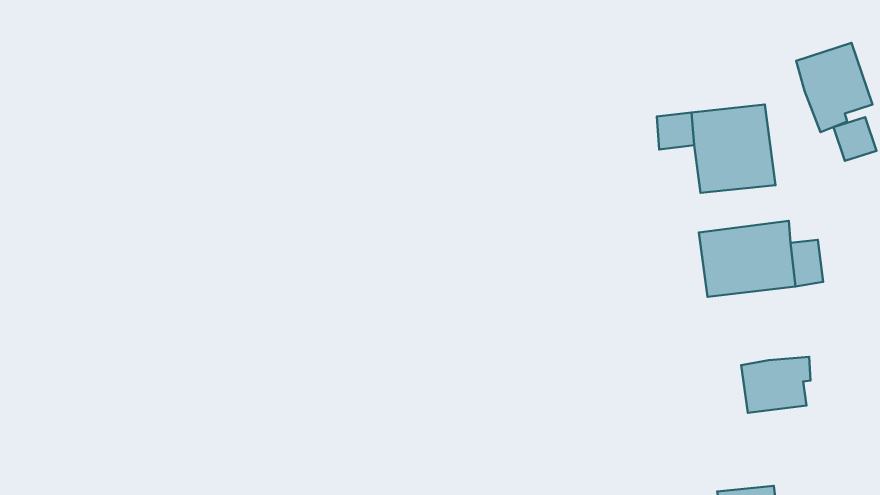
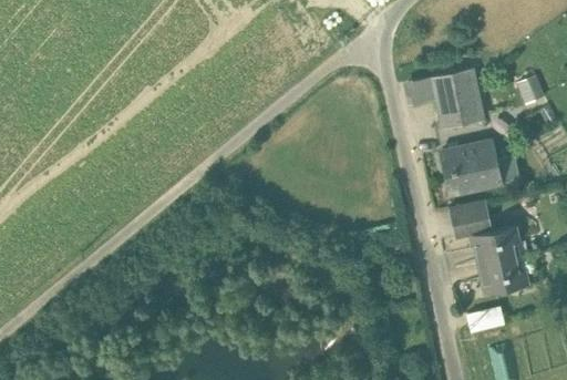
building: [796,43,873,132] -> none
building: none -> [451,198,491,237]
building: none -> [481,255,527,292]

